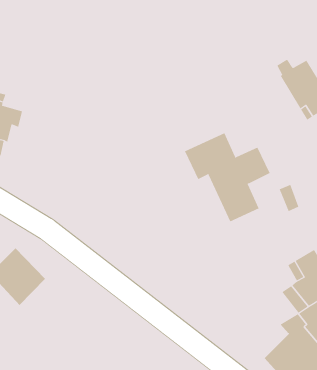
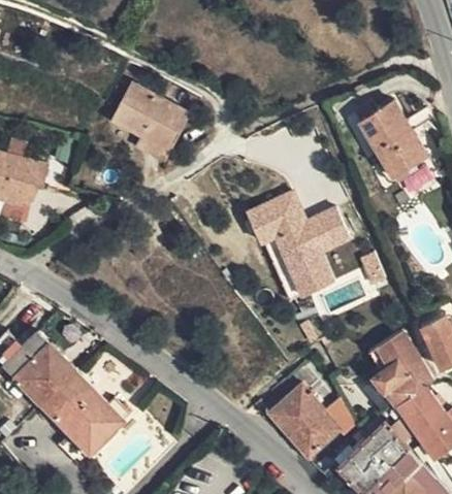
building: none -> [111,84,188,160]
building: none -> [42,369,129,452]
building: none -> [270,385,346,463]

